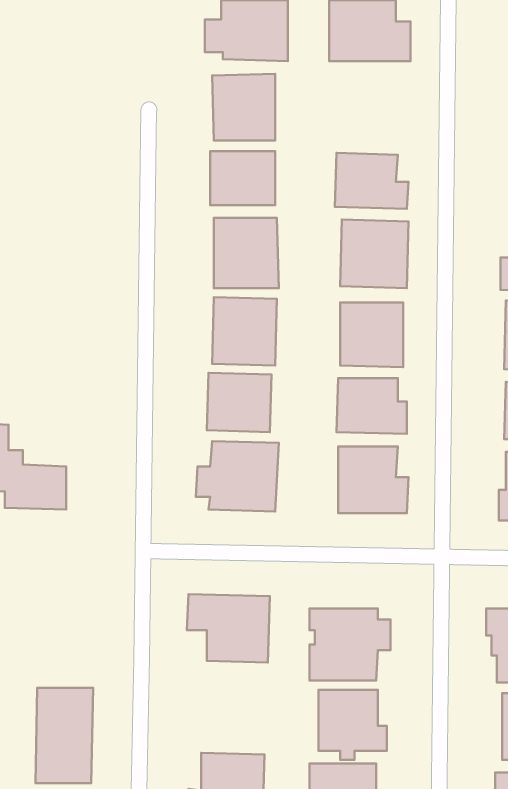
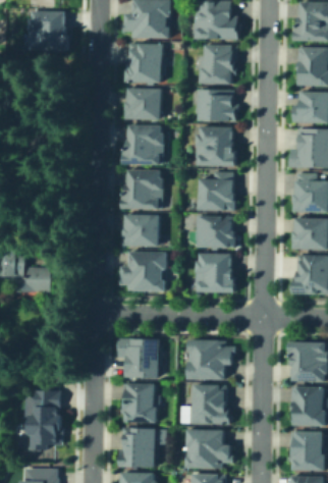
building: none -> [19,9,61,49]
building: none -> [202,44,233,83]
building: none -> [118,383,165,422]

